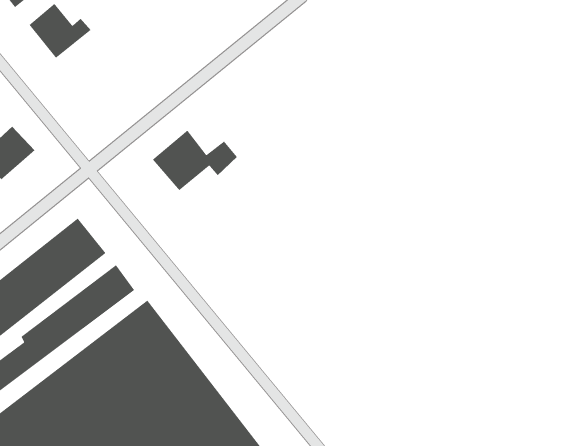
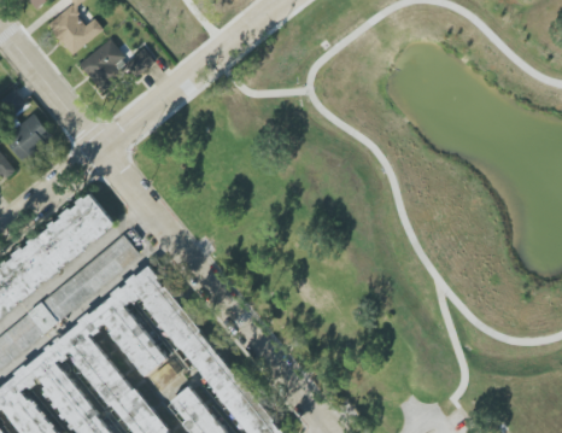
building: [152,130,238,191] -> [76,37,152,92]

